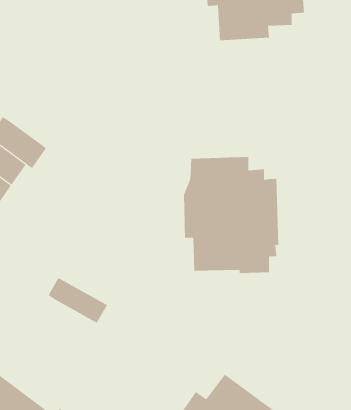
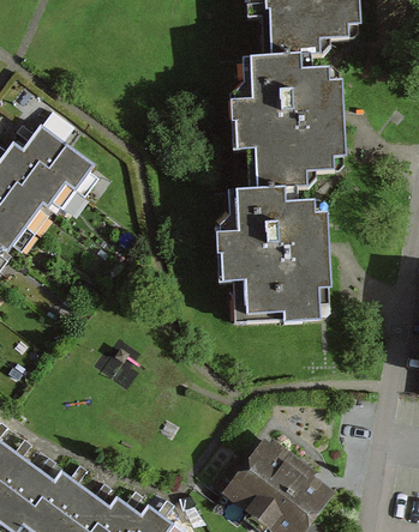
building: none -> [232,55,347,191]
building: none -> [22,127,89,187]
building: [48,277,108,323] -> none

